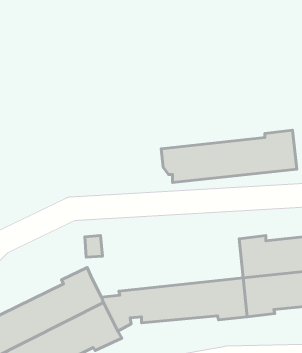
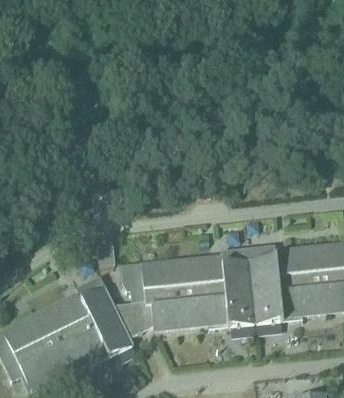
building: [161,130,297,183] -> [120,248,252,299]

